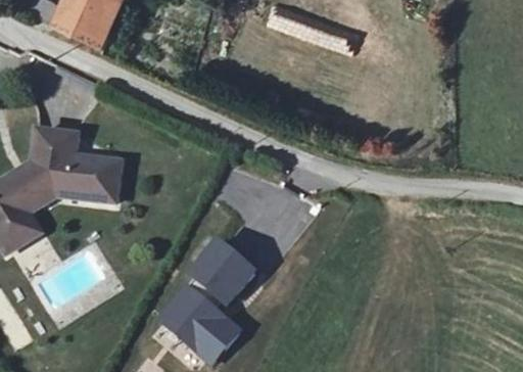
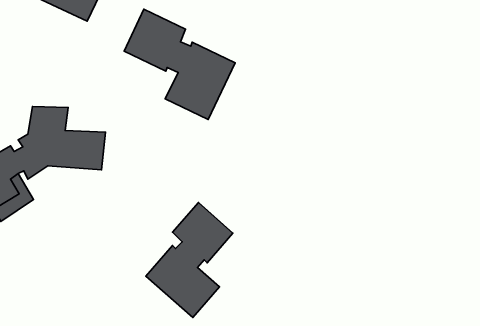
building: none -> [124,9,235,120]

